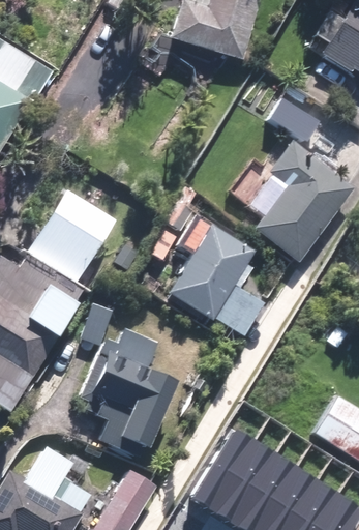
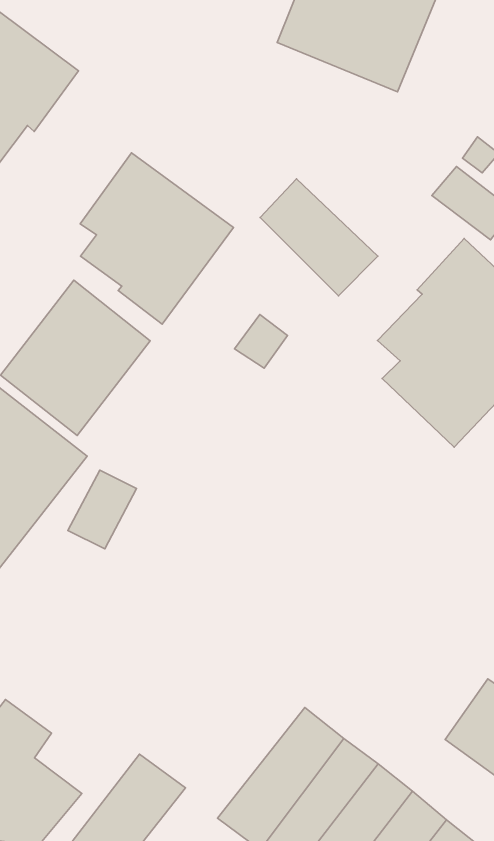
building: none -> [80,153,233,324]
building: none -> [260,179,378,296]
building: [168,225,267,341] -> none
building: [79,350,173,458] -> none

